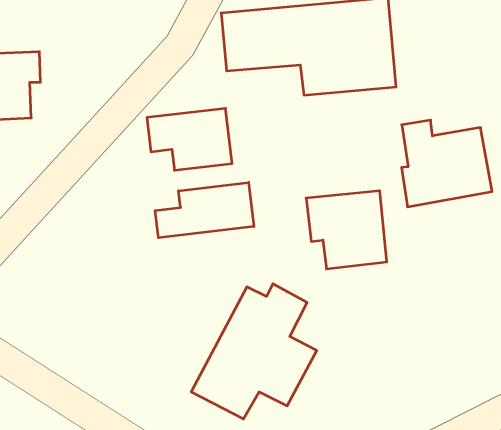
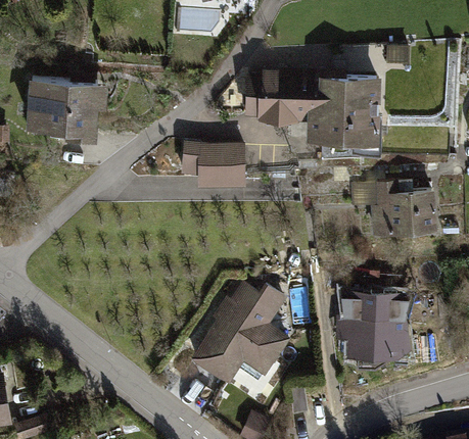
building: [155,182,254,238] -> none
building: [306,191,387,269] -> [340,302,397,358]

